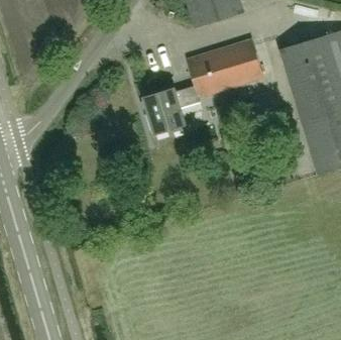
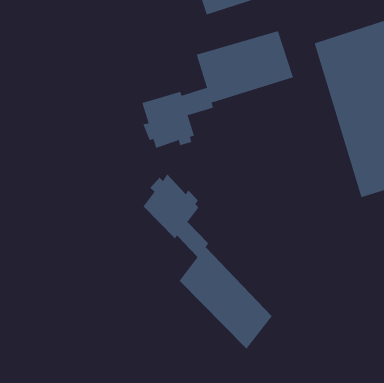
building: none -> [143,174,272,349]

